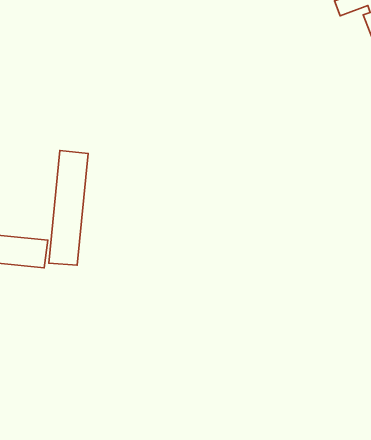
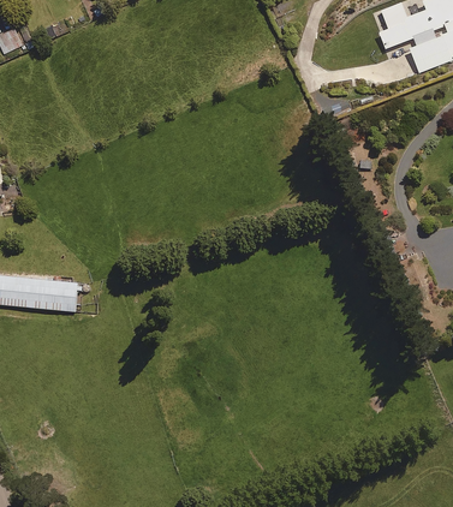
building: [49,150,88,265] -> none

